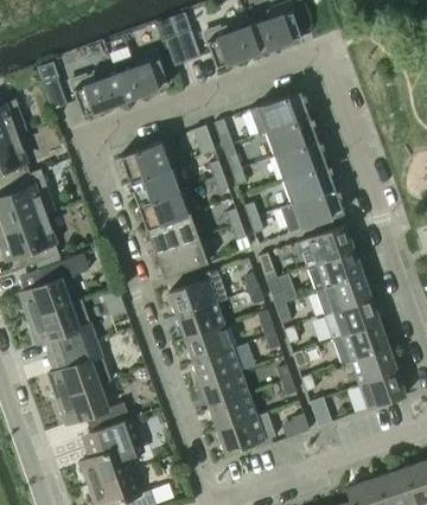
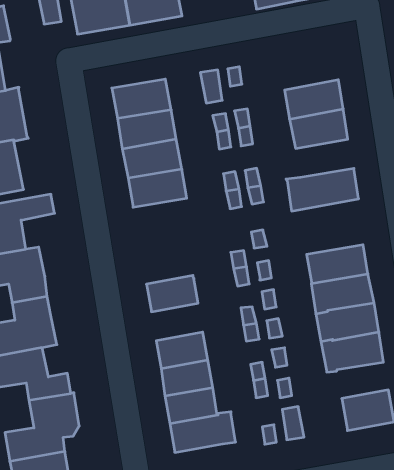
building: [255,91,308,133] -> none
building: [282,165,334,204] -> none
building: [298,226,353,268] -> none
building: [154,238,208,279] -> none
building: [168,270,227,317] -> none
building: [185,325,231,363] -> none
building: [350,347,396,384] -> none

